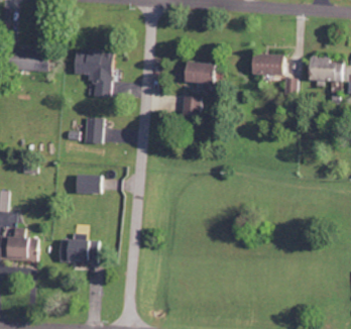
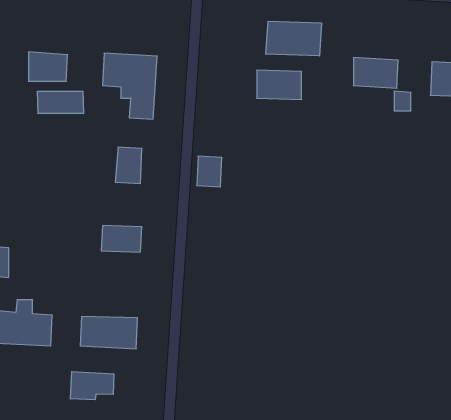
building: none -> [266,21,321,56]
building: none -> [38,91,83,114]
building: [183,96,201,118] -> [197,156,222,187]
building: none -> [70,372,114,400]

